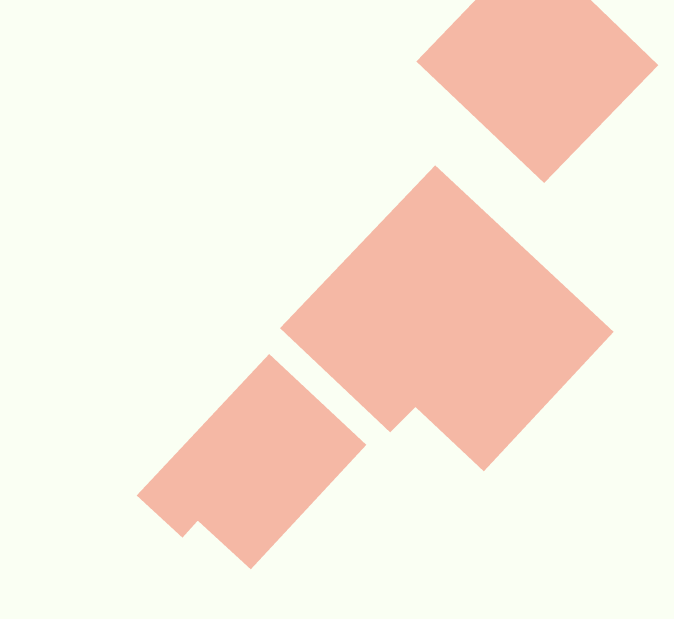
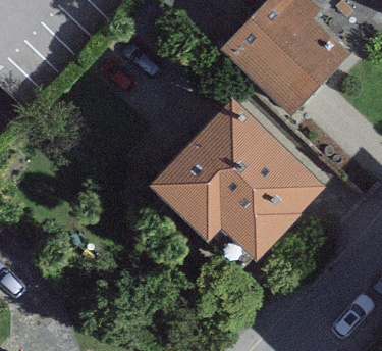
building: [136,353,367,570] -> none

